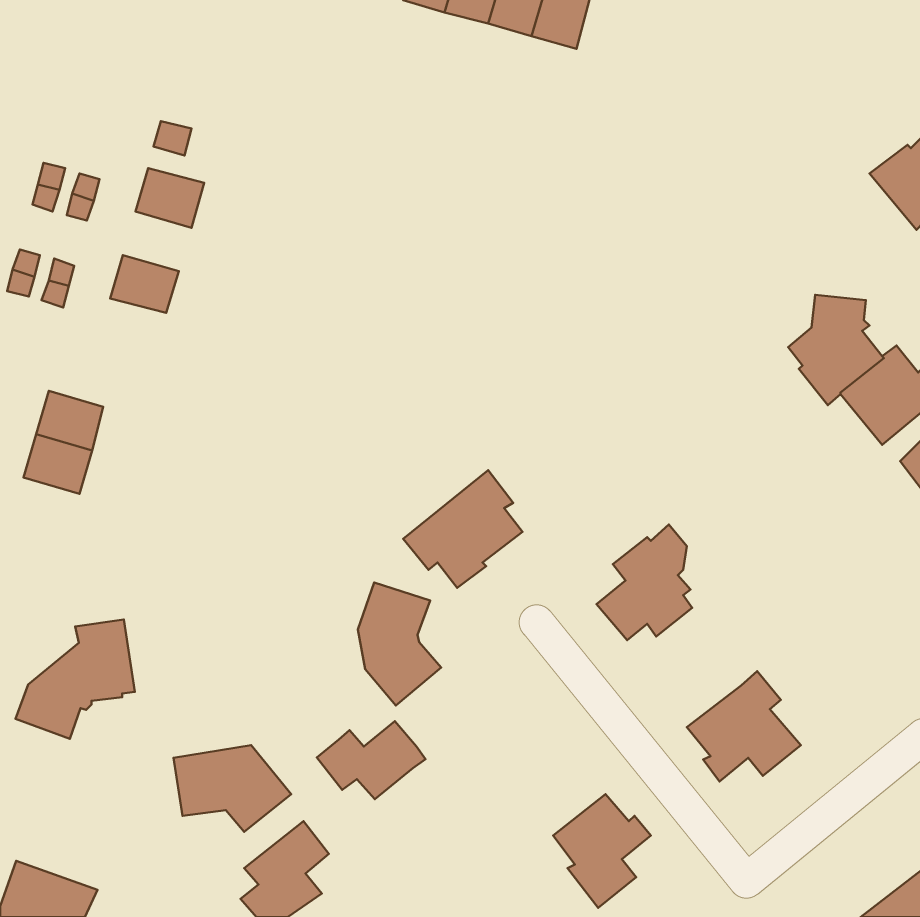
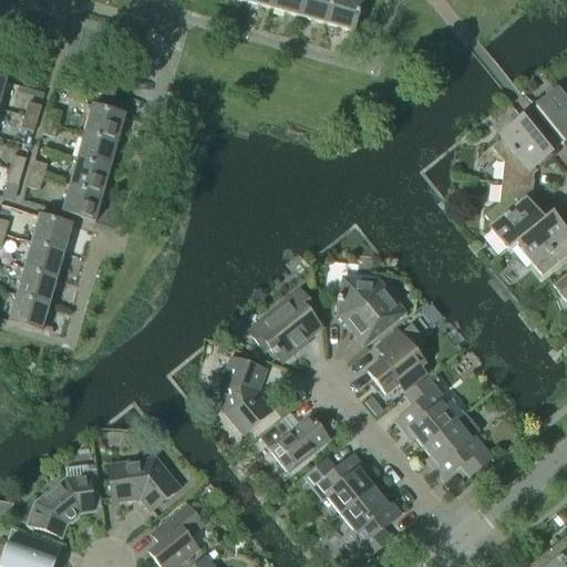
building: none -> [493,115,551,184]
building: none -> [78,130,120,166]
building: none -> [62,183,104,219]
building: none -> [32,213,73,249]
building: none -> [338,276,406,344]
building: none -> [9,292,51,329]
building: none -> [395,377,456,445]
building: [16,619,135,739] -> [29,462,102,535]
building: [317,721,425,799] -> [262,414,329,462]
building: none -> [305,453,373,512]

